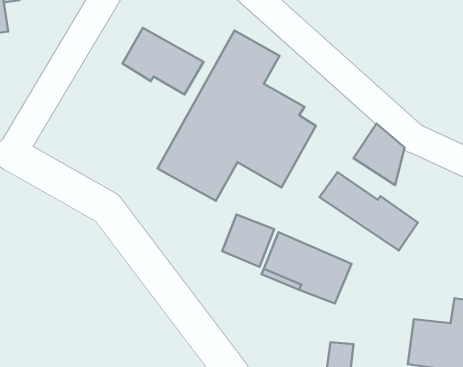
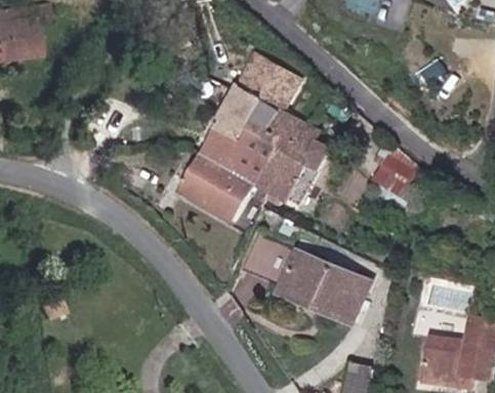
building: [122,28,204,94] -> none
building: [319,172,418,250] -> none

